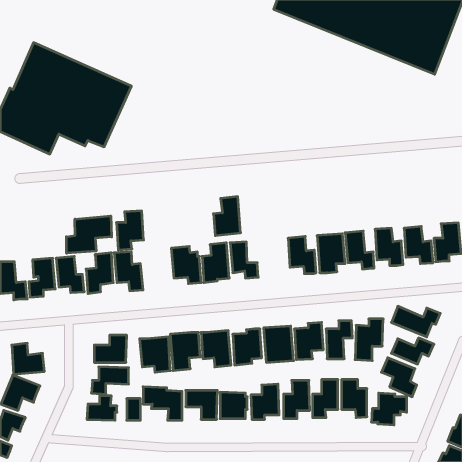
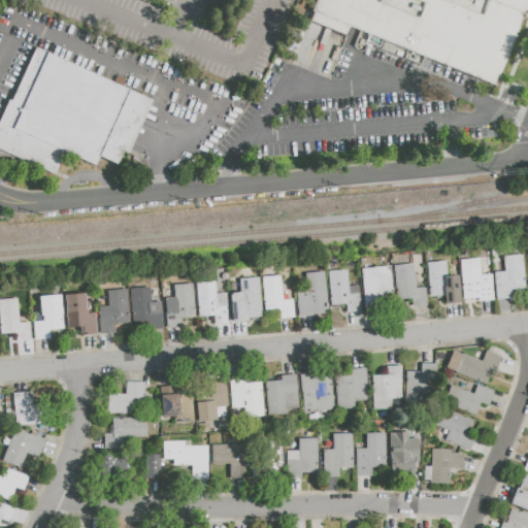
building: [213,197,241,236] -> [297,271,328,316]
building: [116,211,144,250] -> [165,284,196,328]
building: [66,216,112,253] -> none

